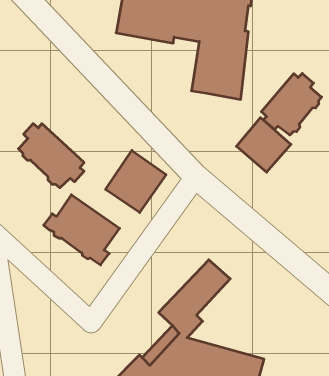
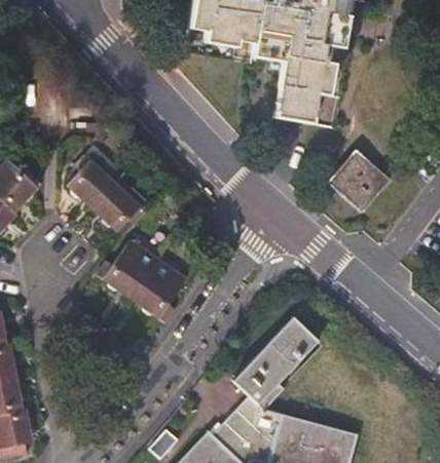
building: [261,73,322,135] -> none
building: [106,150,166,213] -> none

